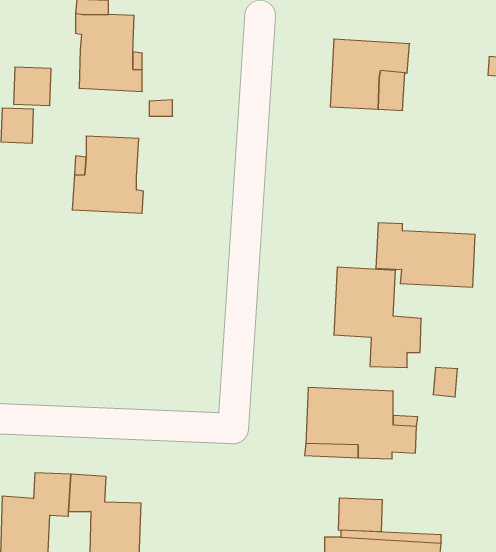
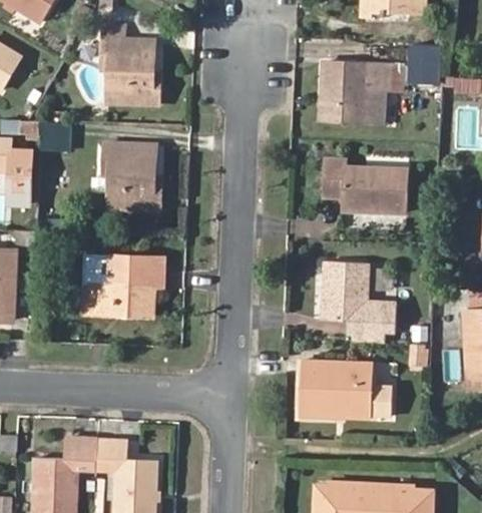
building: none -> [408,42,442,87]
building: [14,67,51,106] -> none
building: [376,223,475,287] -> [322,155,407,210]
building: none -> [80,254,165,316]
building: [338,498,382,532] -> none

